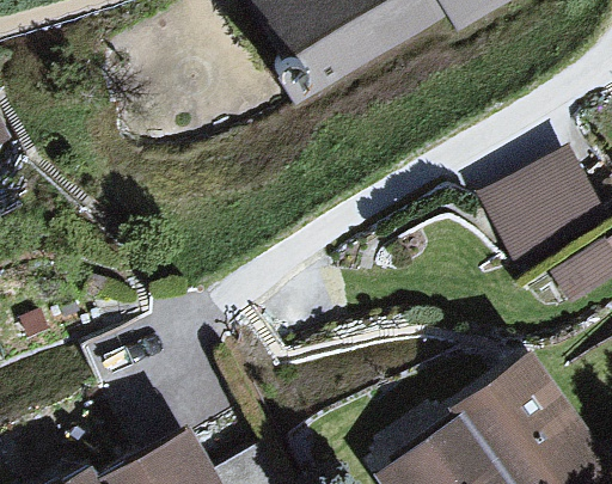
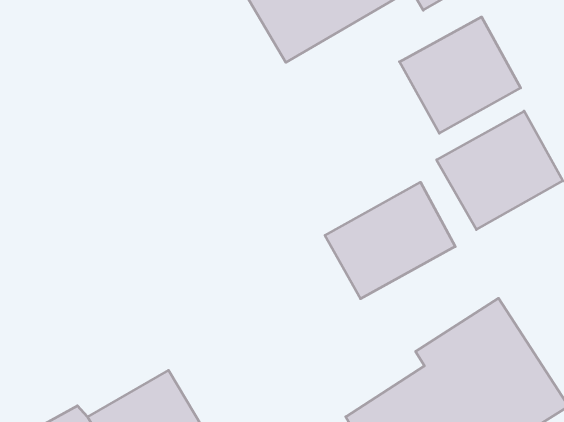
building: none -> [399,17,521,133]
building: none -> [325,182,455,299]

